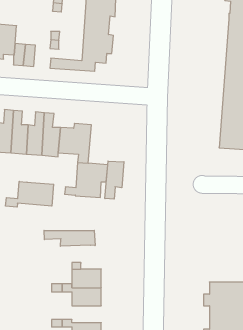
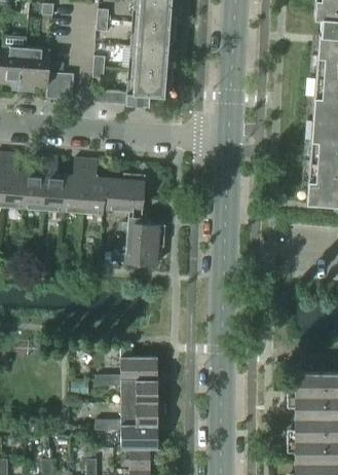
building: [105,161,124,199] -> none
building: [6,181,54,207] -> none
building: [44,230,95,246] -> none
building: none -> [120,404,157,426]

